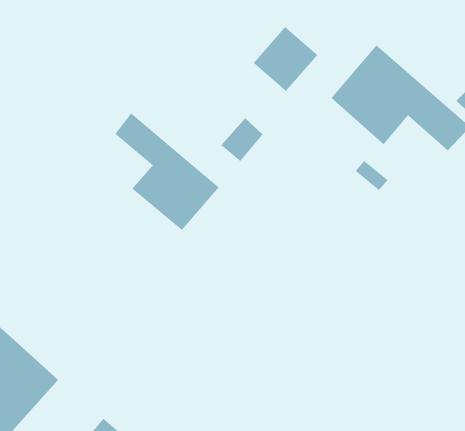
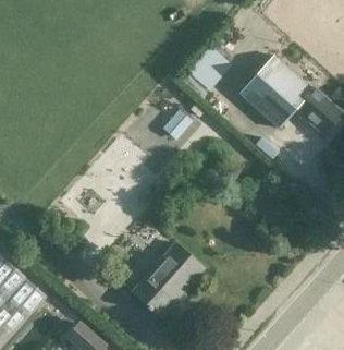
building: [114,113,220,231] -> none
building: none -> [132,243,204,317]

